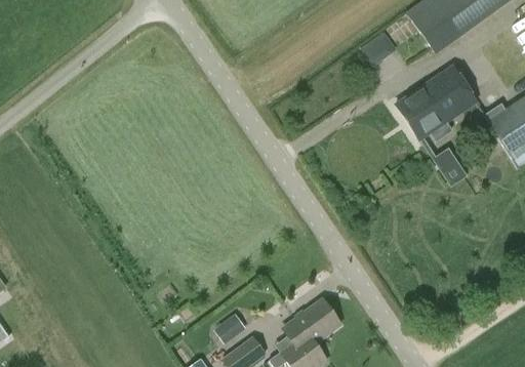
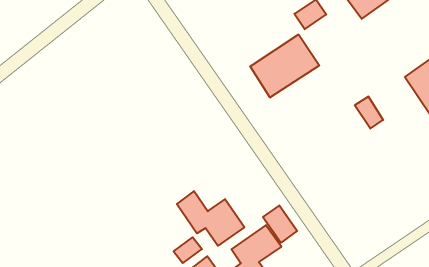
building: [396,66,478,140] -> [250,35,319,97]
building: none -> [177,191,244,246]
building: none -> [263,205,297,243]

